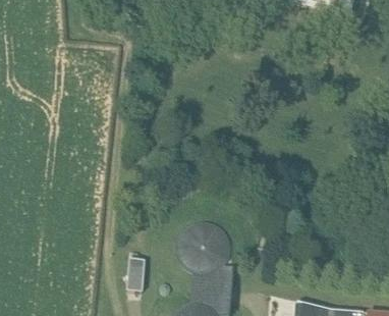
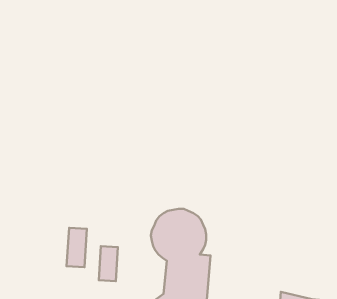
building: none -> [67,228,87,267]

